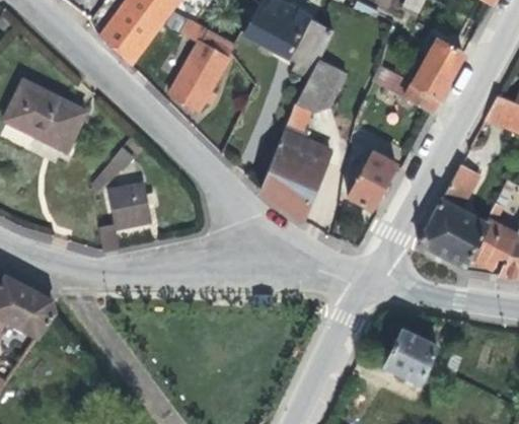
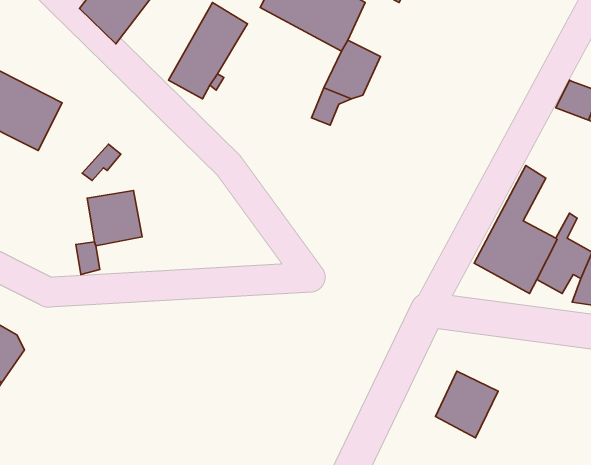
building: [404,40,462,113] -> none
building: [261,133,329,219] -> none
building: [349,152,395,209] -> none

